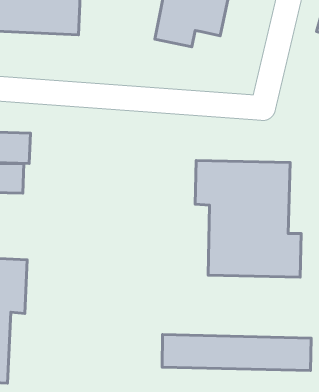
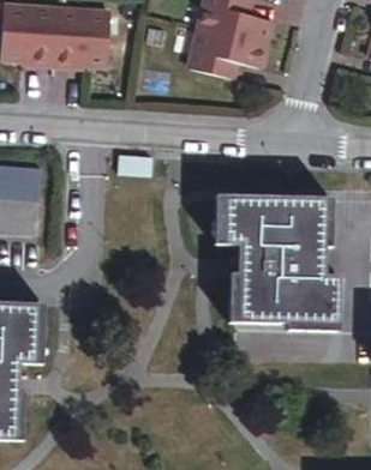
building: [162,335,311,371] -> none

